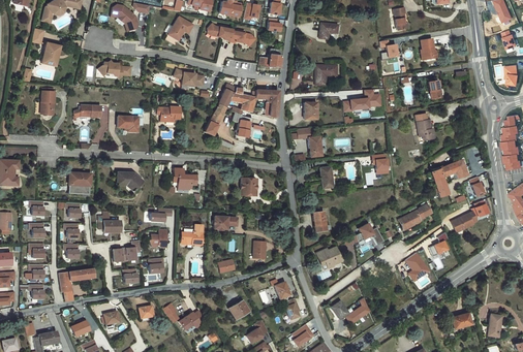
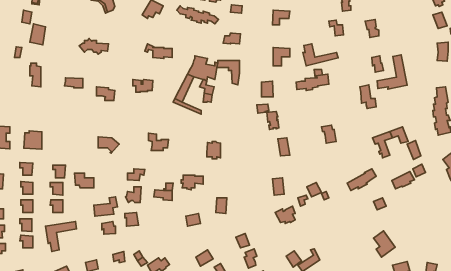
building: none -> [303,44,338,66]
building: none -> [377,55,407,89]
building: [69,171,90,192] -> [24,131,42,149]
building: [403,252,428,282] -> [373,231,395,257]

